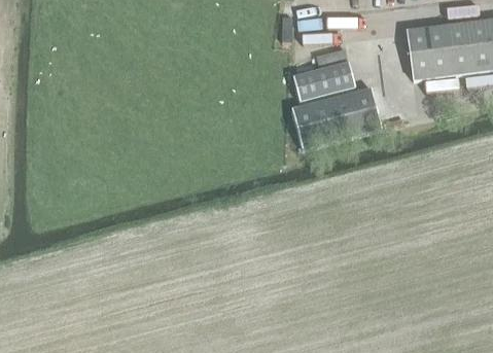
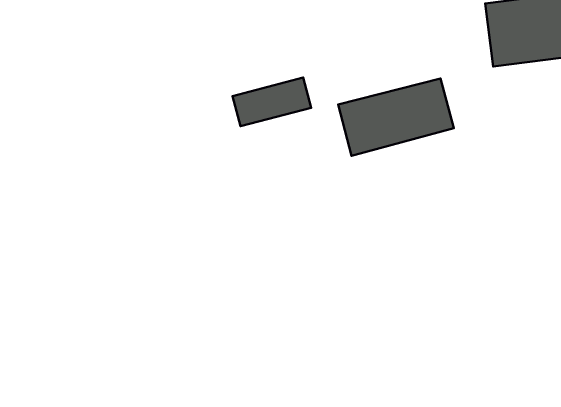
building: [293,61,355,99] -> [232,78,311,126]

